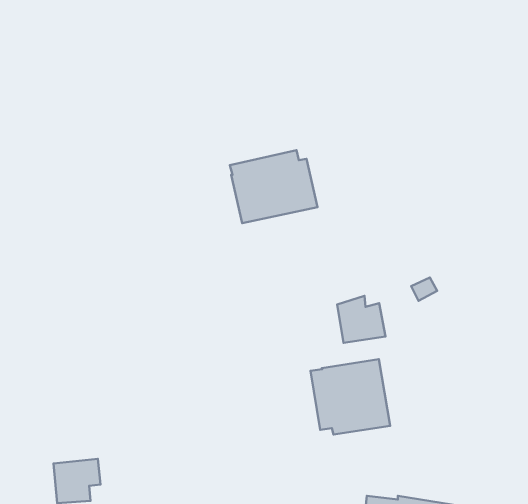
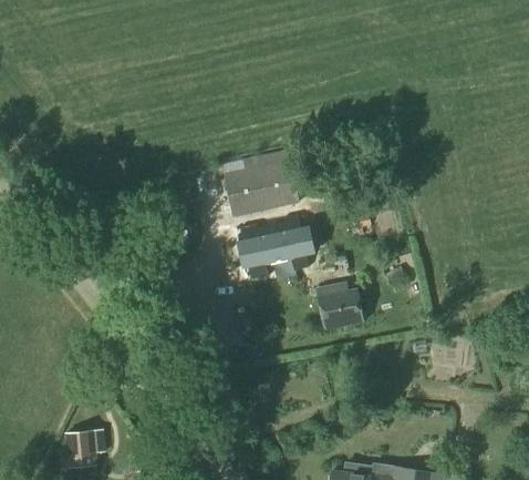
building: none -> [237,216,308,277]
building: [311,359,390,435] -> none

